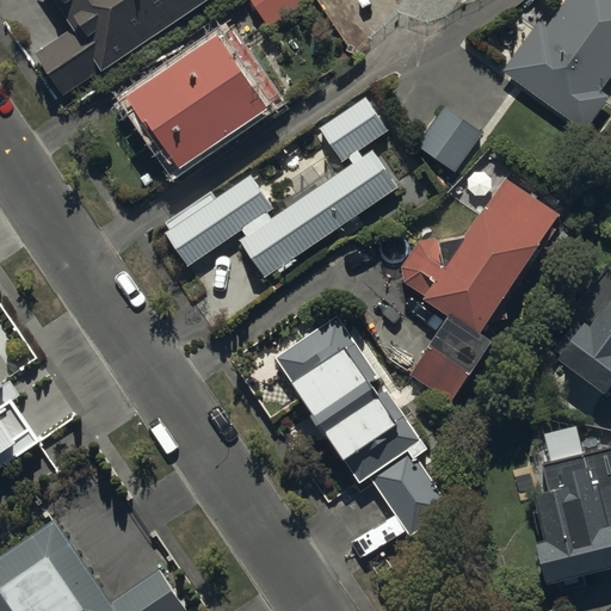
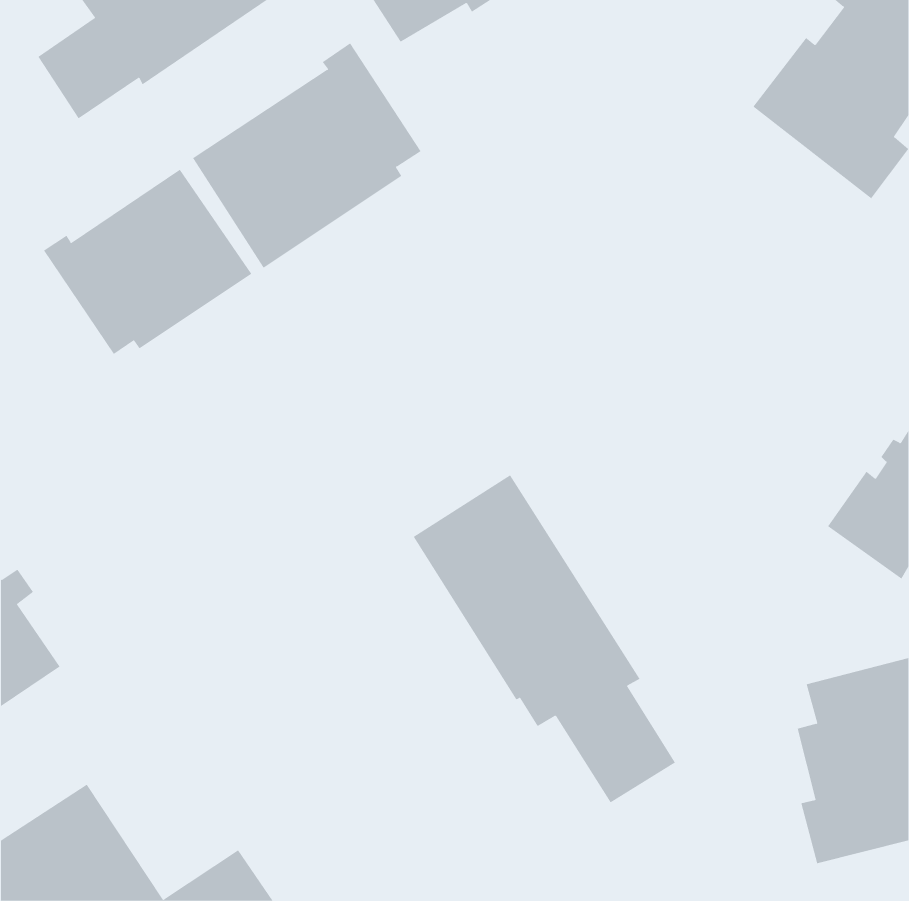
building: [166,98,399,282] -> none
building: [418,110,482,174] -> none
building: none -> [43,169,252,355]
building: [402,166,561,391] -> none

